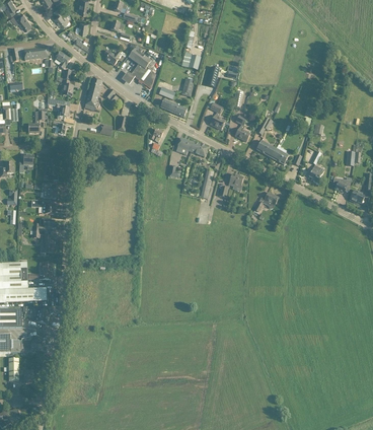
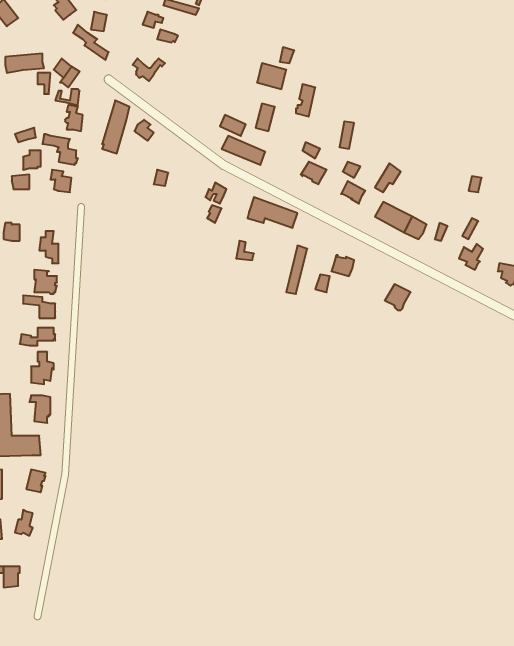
building: [129,46,156,88] -> none

